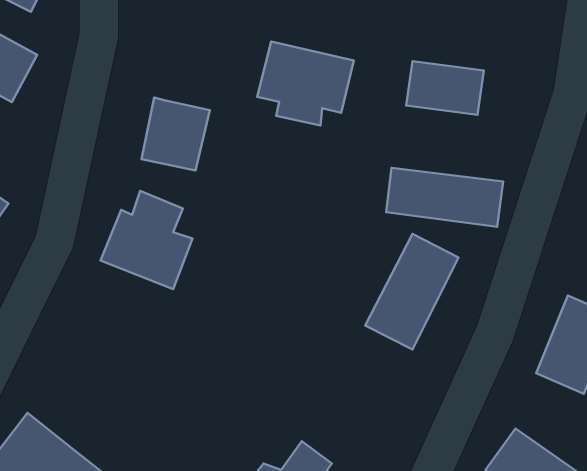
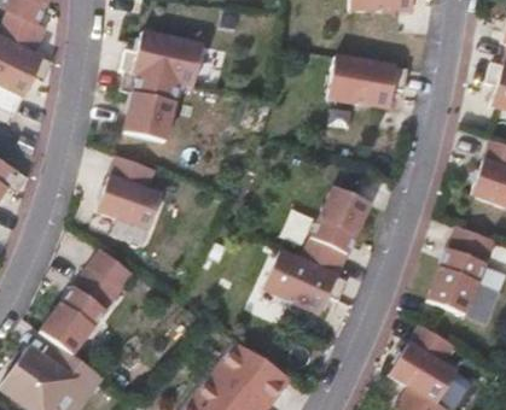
building: [257,41,354,125] -> [128,34,202,98]
building: [386,168,503,227] -> none
building: none -> [37,248,138,357]
building: none -> [266,253,331,309]

